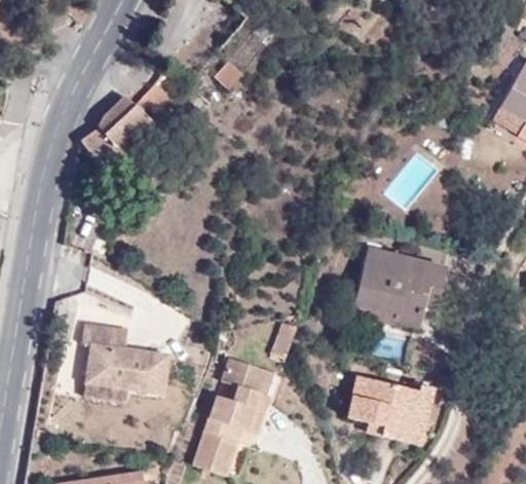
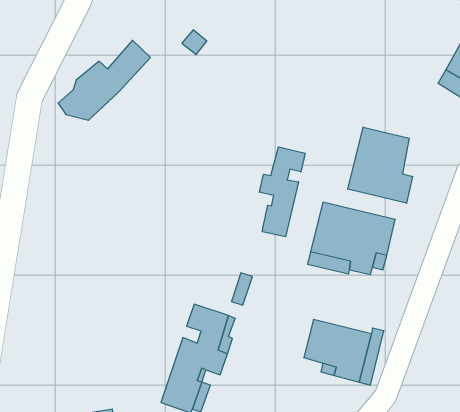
building: none -> [348,127,413,203]
building: none -> [259,147,305,237]
building: [84,325,170,401] -> none

